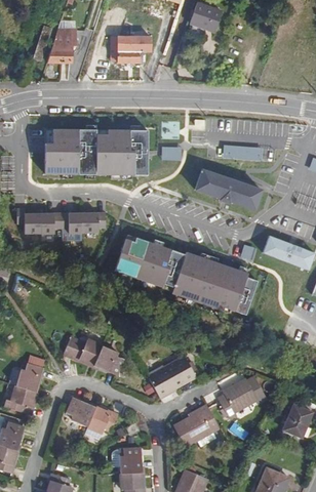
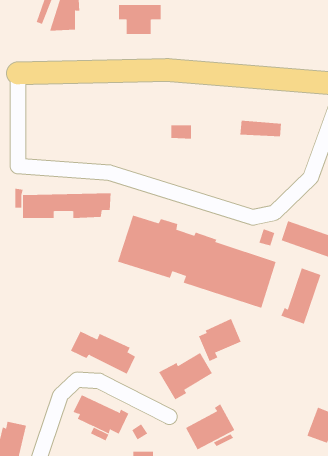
building: [45,127,148,174] -> none
building: [195,167,265,209] -> none
building: none -> [281,268,321,324]
building: [7,359,44,411] -> none
building: [223,376,263,416] -> [198,318,242,362]

